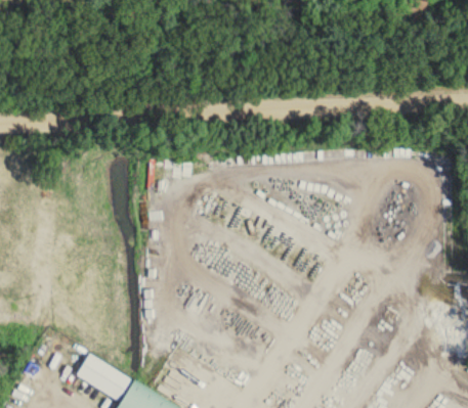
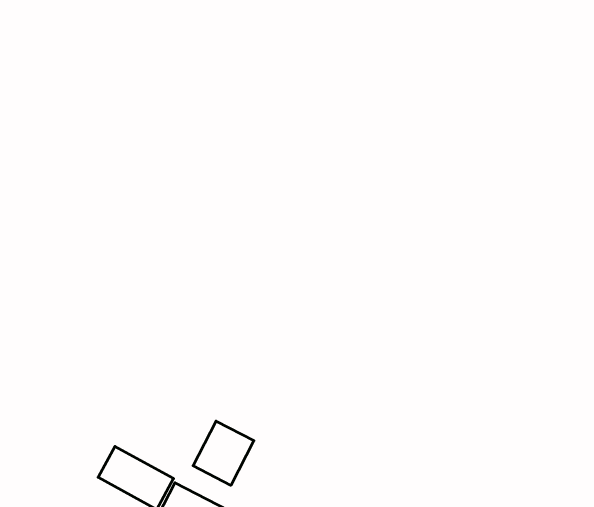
building: none -> [193,421,254,485]

